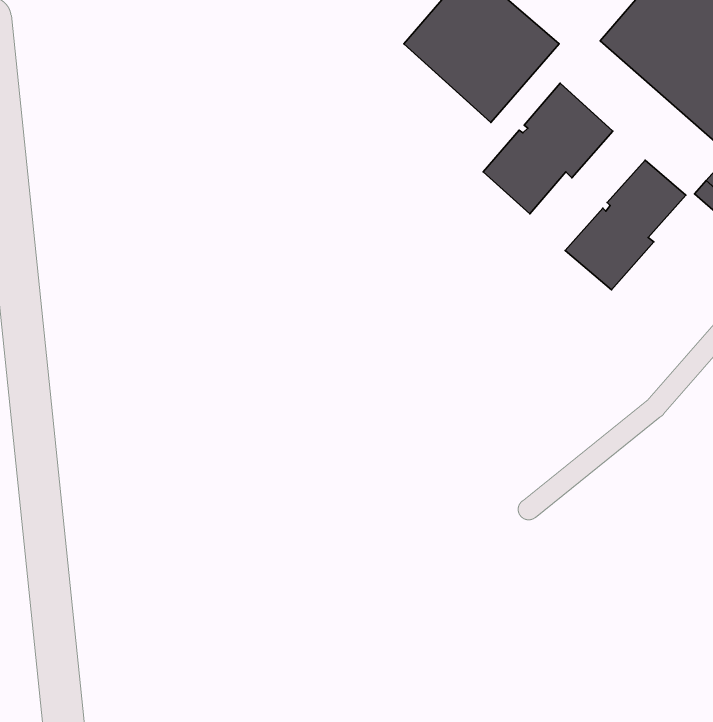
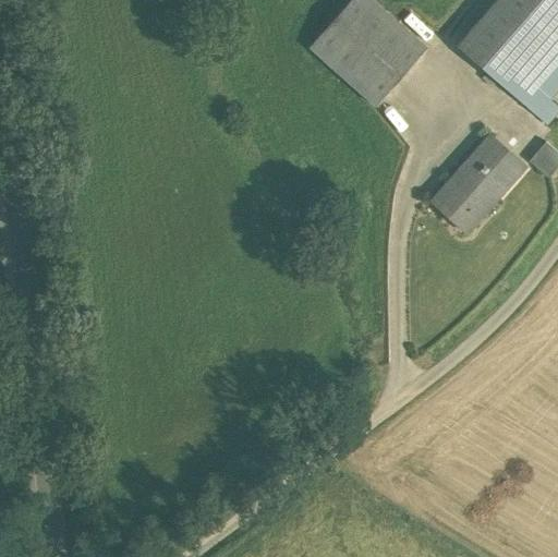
building: [483,83,613,214] -> none

